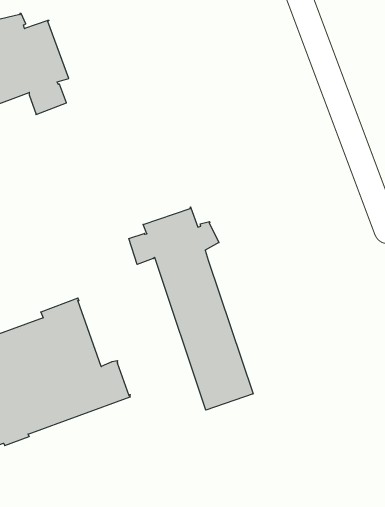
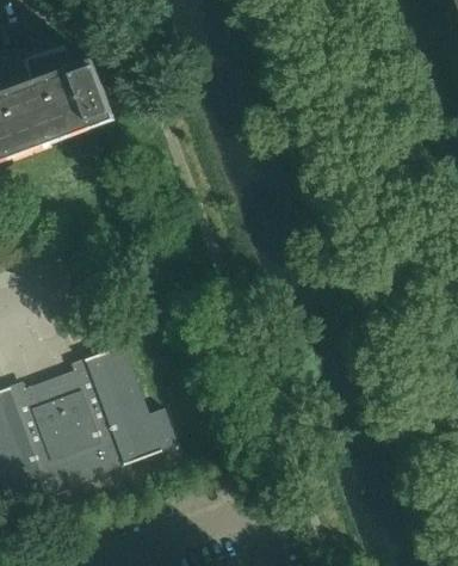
building: [129,207,253,410] -> none

